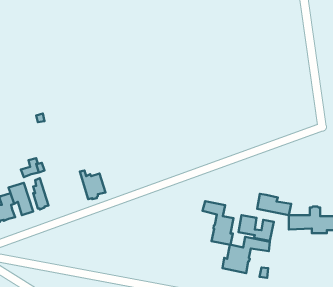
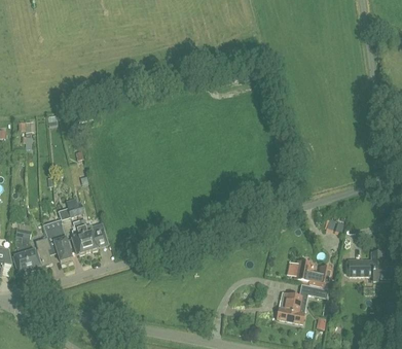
building: [80,171,105,199] -> [78,218,106,249]
building: [257,194,291,215] -> none
building: [202,201,233,245] -> none

